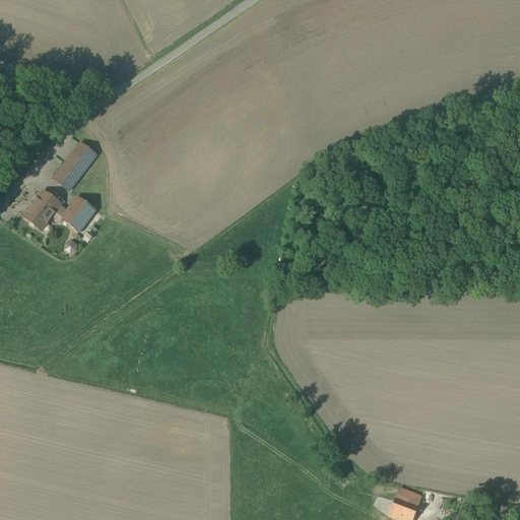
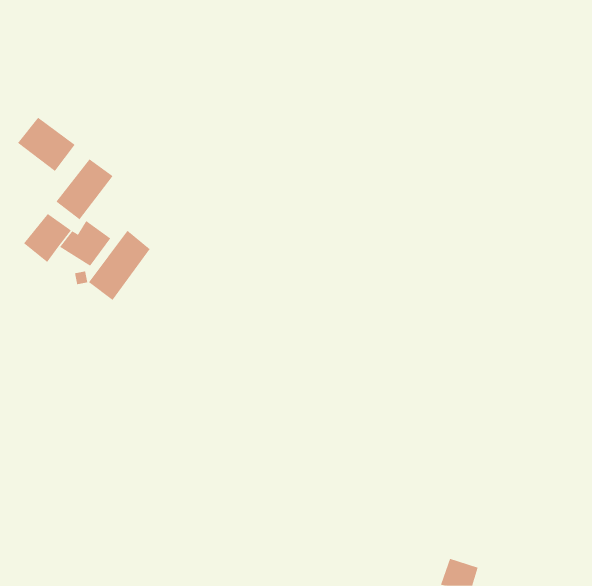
building: none -> [17,117,76,172]
building: none -> [88,230,151,301]

